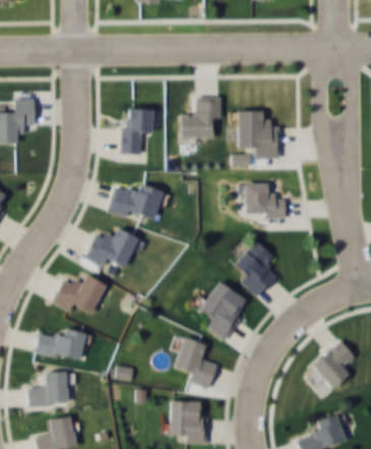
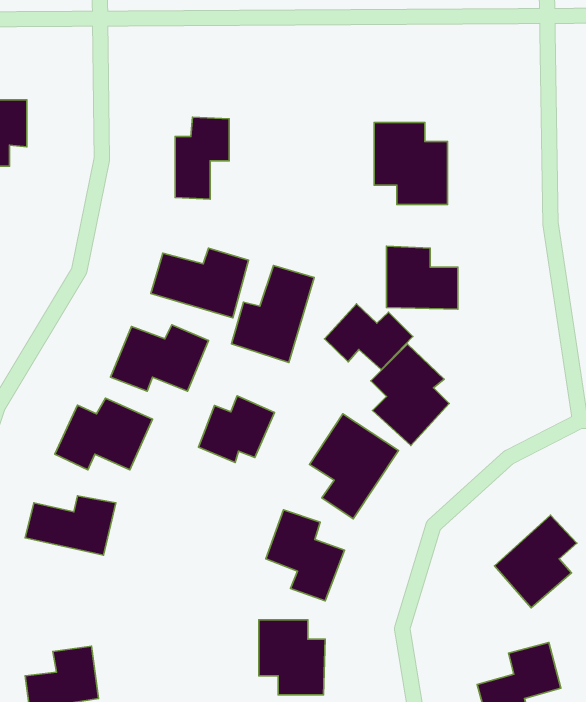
building: [182,97,223,139] -> none
building: none -> [231,266,314,362]
building: none -> [324,304,413,370]
building: none -> [198,396,274,463]
building: [28,371,69,407] -> none

